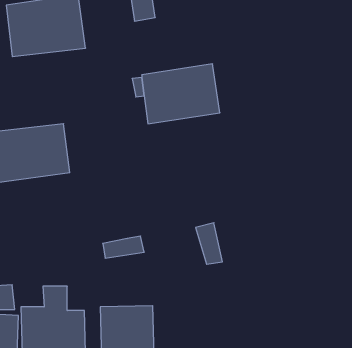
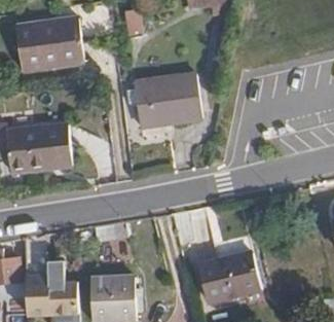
building: none -> [201,237,263,301]

